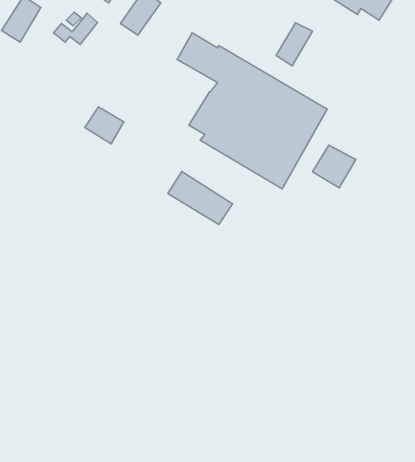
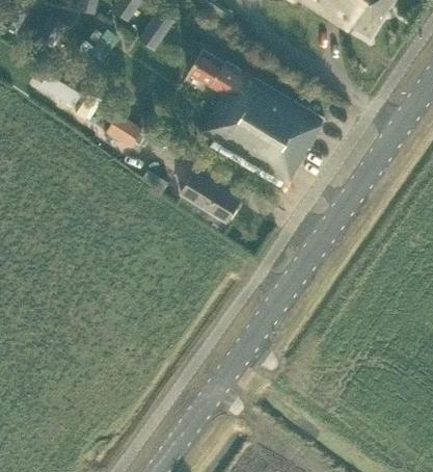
building: [276,23,312,66] -> none
building: [313,145,356,188] -> none

